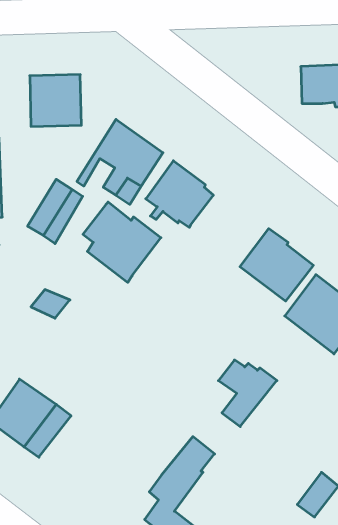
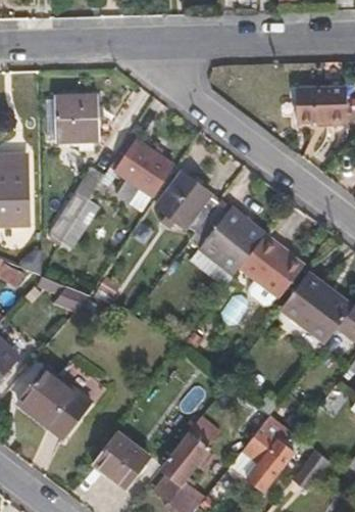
building: [83,202,161,282] -> [197,201,266,273]
building: [218,360,277,427] -> [243,432,295,492]
building: none -> [93,431,147,487]

